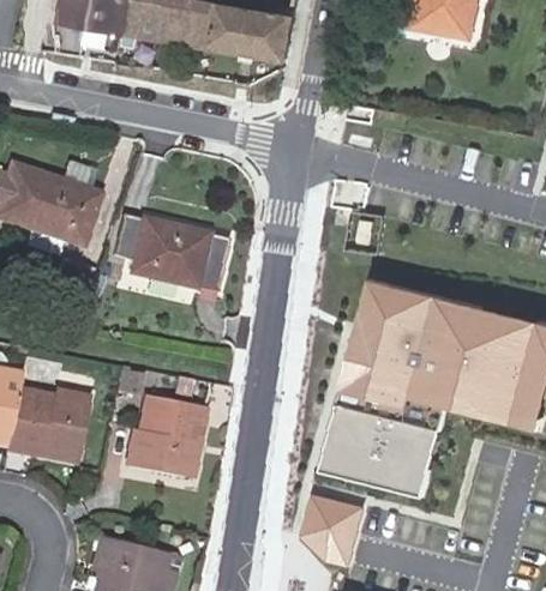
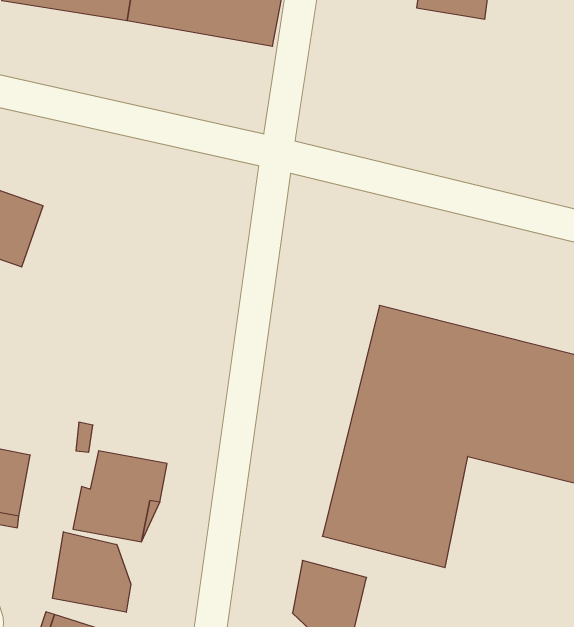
building: [107,218,218,291] -> none
building: none -> [53,532,131,612]

